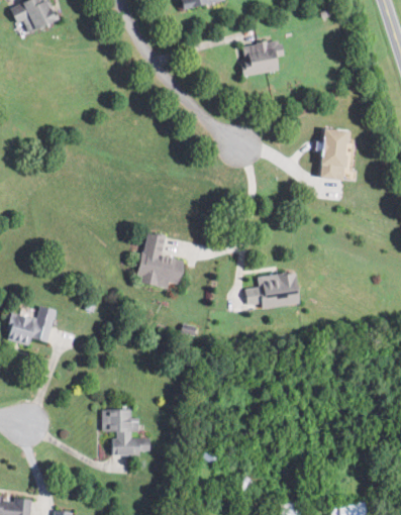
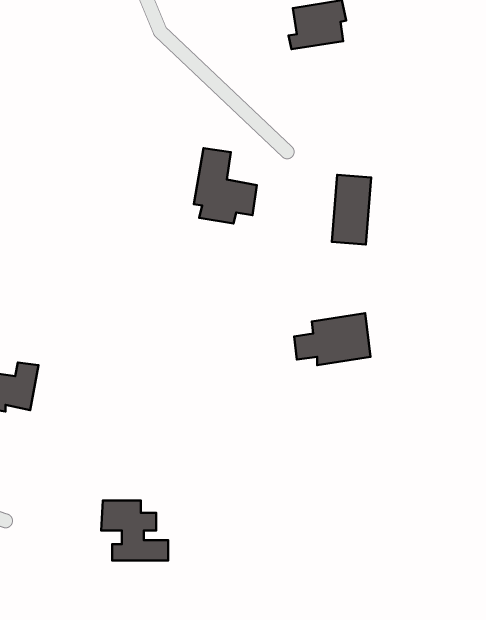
building: [322,124,352,176] -> [332,175,371,245]
building: [137,232,184,288] -> [194,148,257,223]

